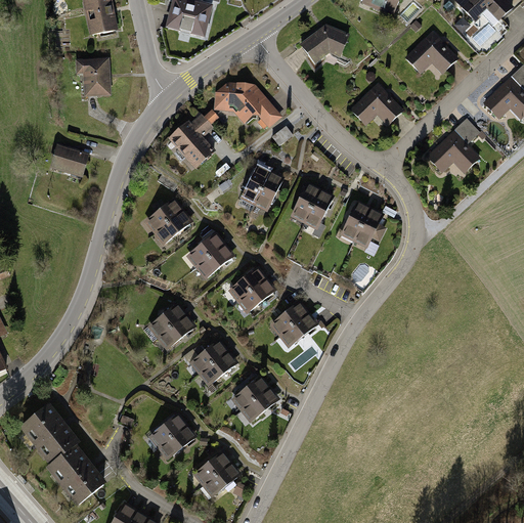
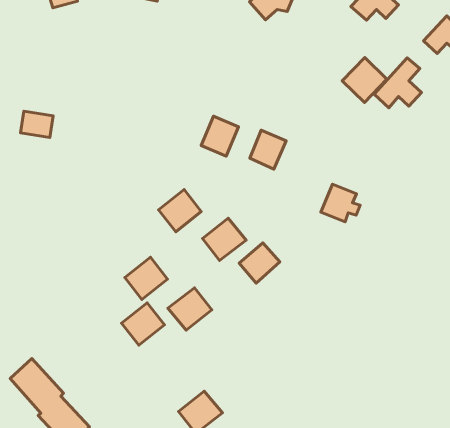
building: [74,56,107,94] -> none
building: [214,81,277,123] -> none
building: [354,88,401,135] -> [342,58,387,102]
building: [168,113,210,164] -> none
building: [341,201,383,242] -> [321,184,360,222]
building: [147,205,192,249] -> none
building: [235,380,280,424] -> none
building: [151,416,196,460] -> [122,303,164,345]

